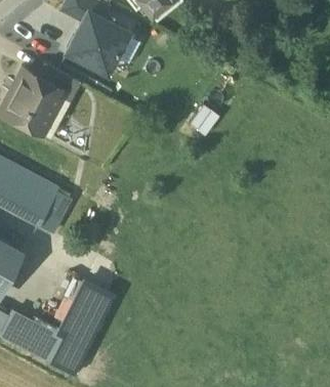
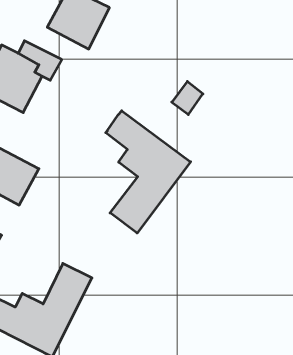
building: none -> [106,111,191,233]
building: [39,197,71,232] -> none

